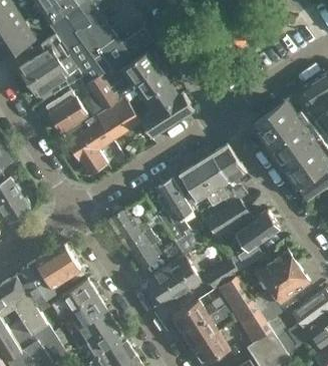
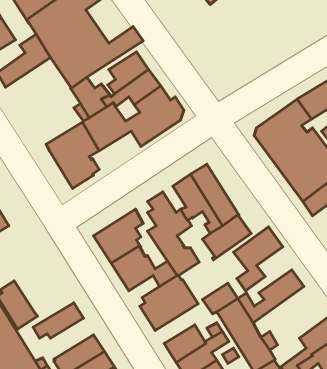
building: [27,57,82,98] -> none
building: [45,91,87,132] -> none
building: [211,144,246,201] -> none
building: [35,243,82,289] -> none
building: [253,266,310,310] -> none
building: [66,295,107,332] -> none

